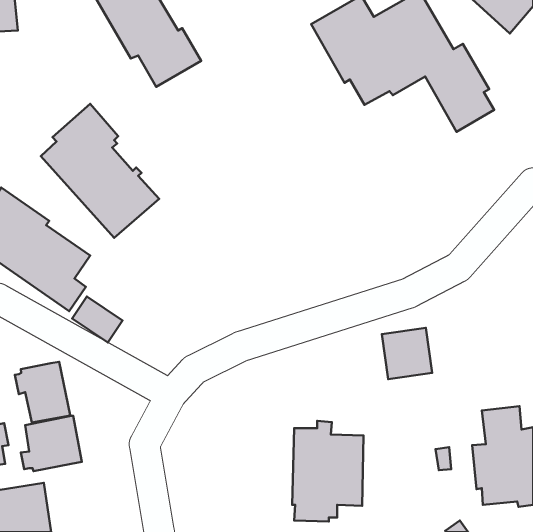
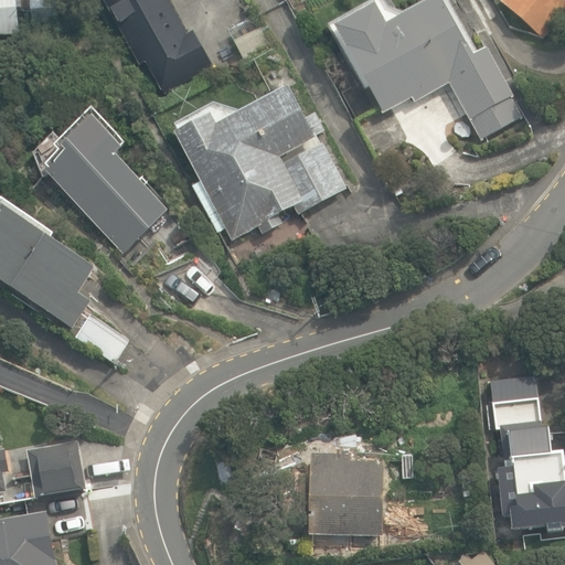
building: none -> [177,86,345,239]
building: [382,328,432,379] -> [487,374,540,428]
building: [15,362,70,422] -> none

